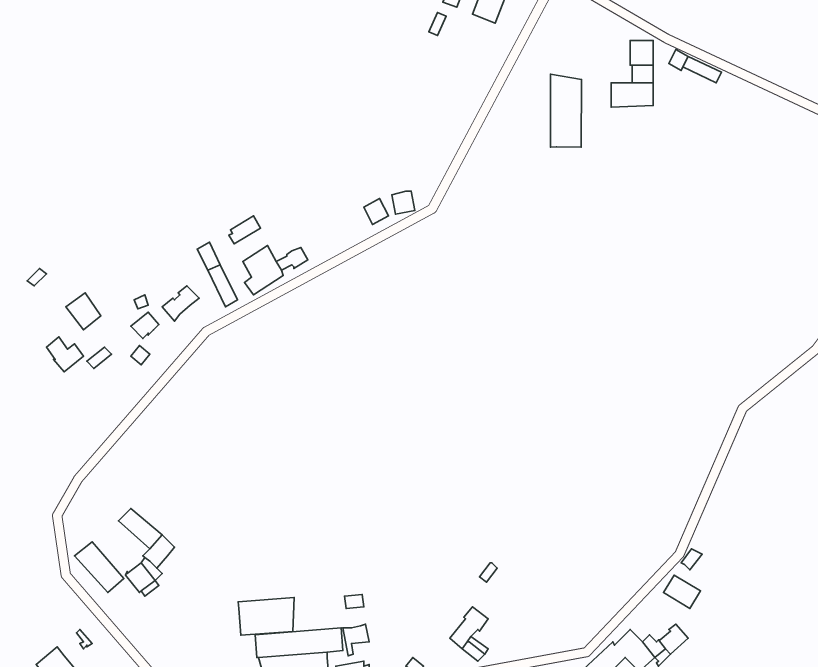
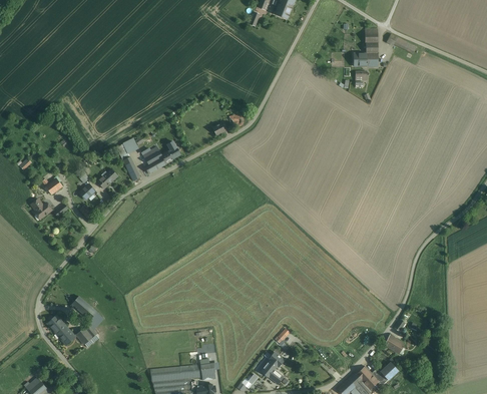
building: [551,74,581,147] -> none
building: [238,598,294,635] -> none

